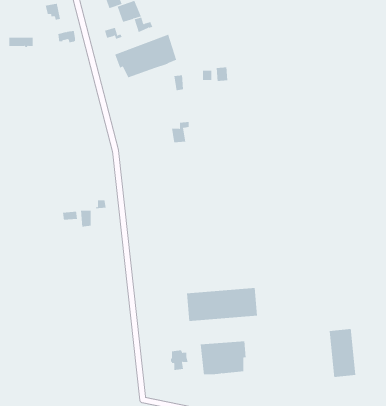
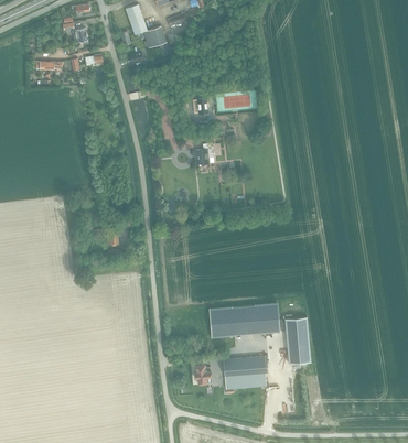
building: [114,34,177,78] -> none
building: [329,329,356,378] -> [283,315,310,363]

